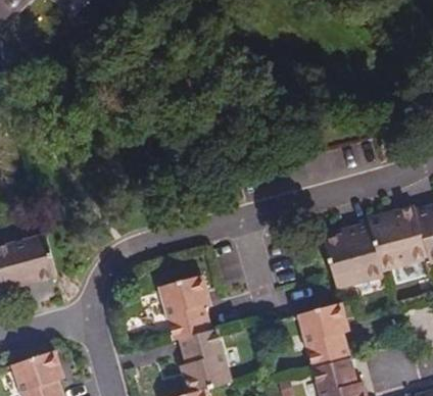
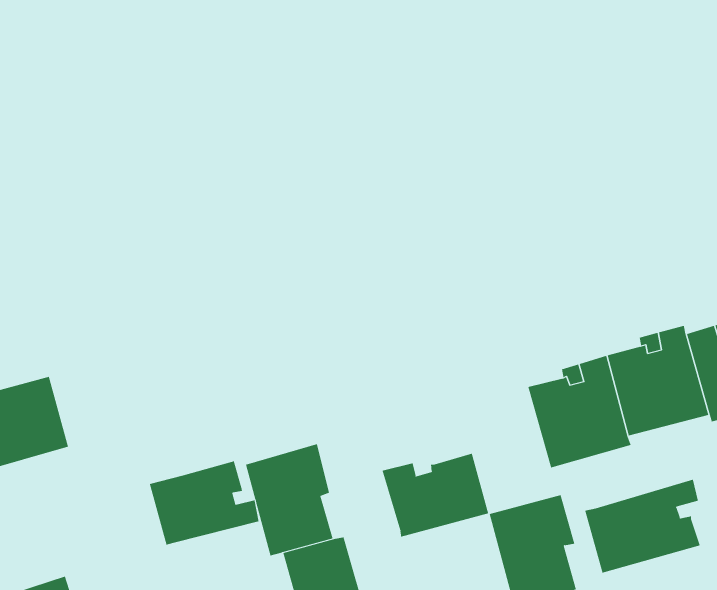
building: none -> [382,453,489,538]
building: none -> [149,460,259,546]
building: none -> [584,479,701,574]

